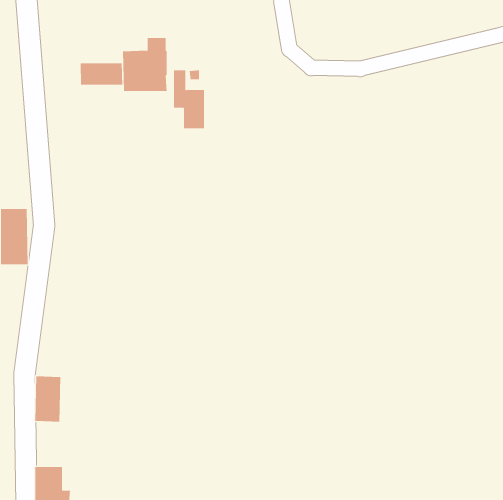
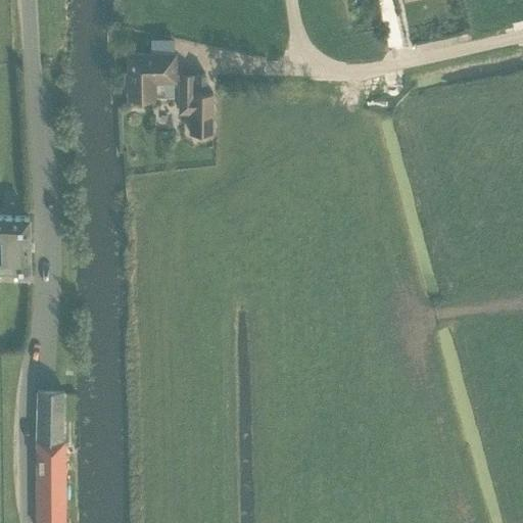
building: [80,62,123,86] -> none
building: none -> [36,441,74,487]

